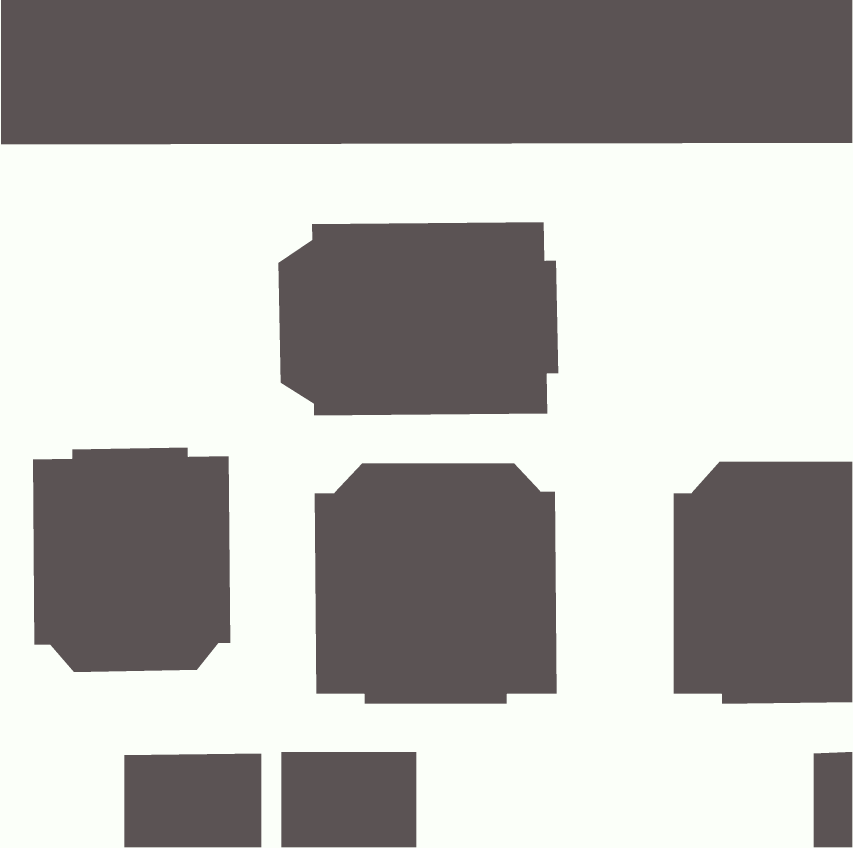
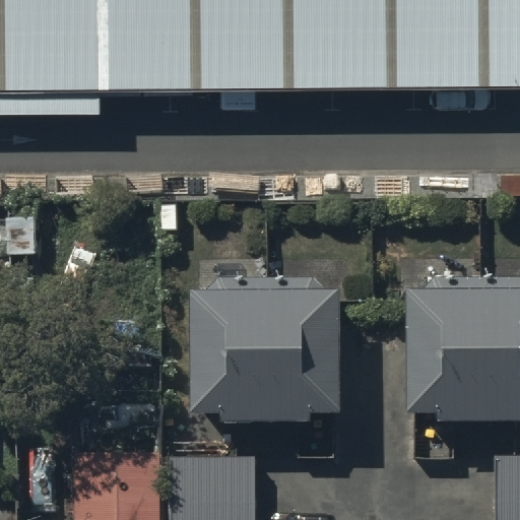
building: [277,222,559,416] -> none
building: [32,447,231,673] -> none

